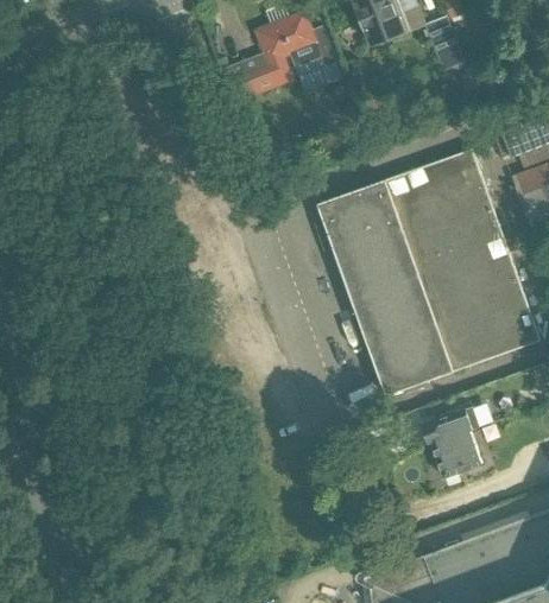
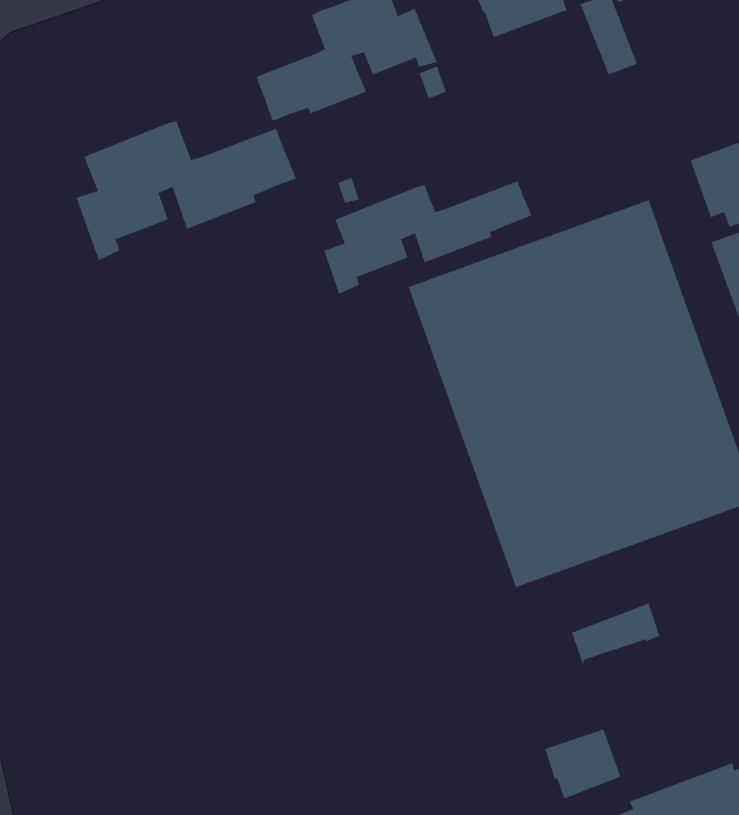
building: none -> [76,121,297,261]
building: none -> [324,180,532,294]
building: [430,430,480,475] -> [543,729,621,799]

